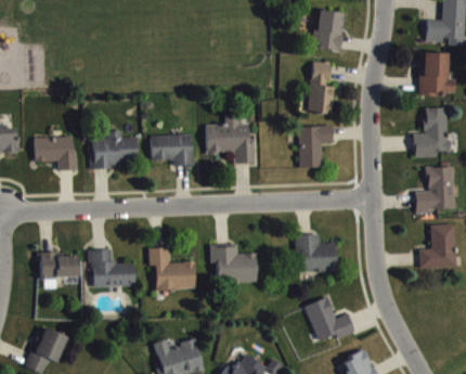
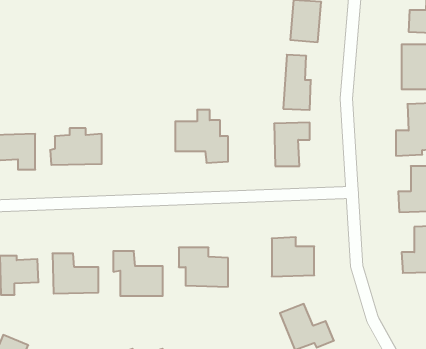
building: [150,134,193,166] -> none

